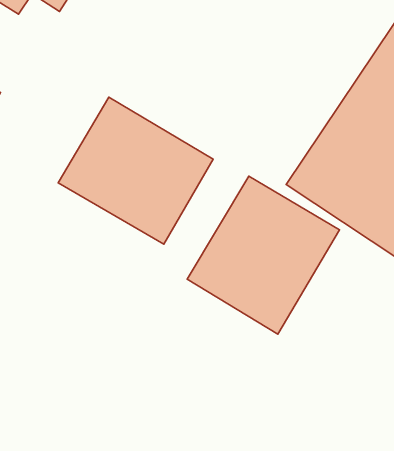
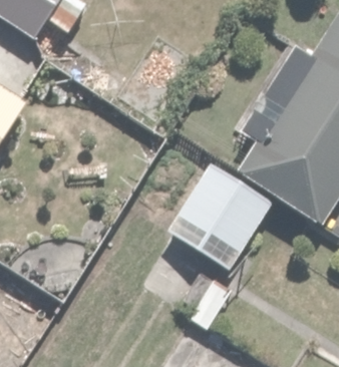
building: [58,97,213,244] -> none

